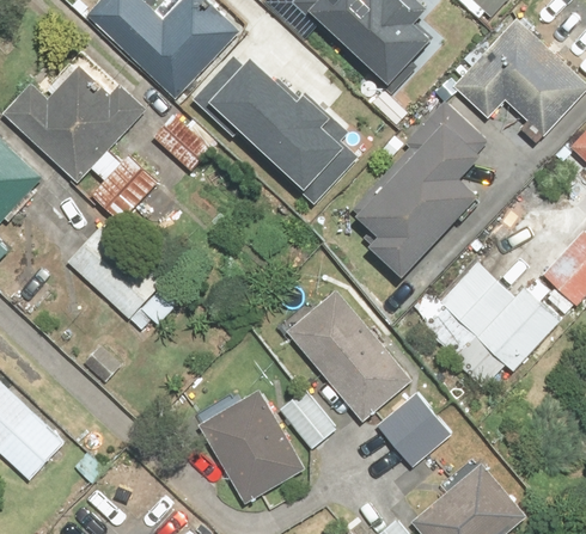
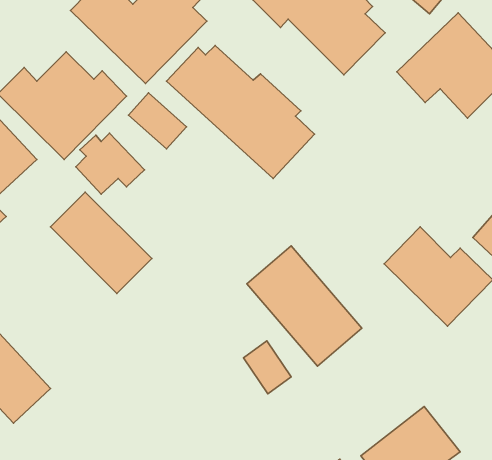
building: [346,96,493,274] -> none
building: [200,391,304,505] -> none
building: [373,393,448,469] -> none

